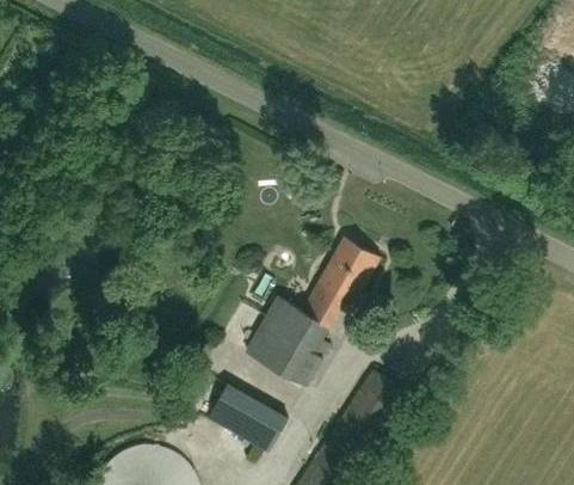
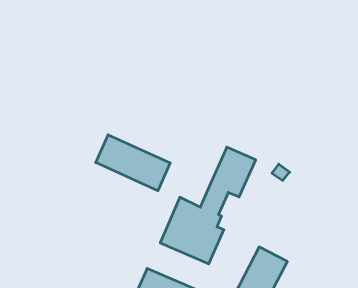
building: none -> [96,135,170,191]

